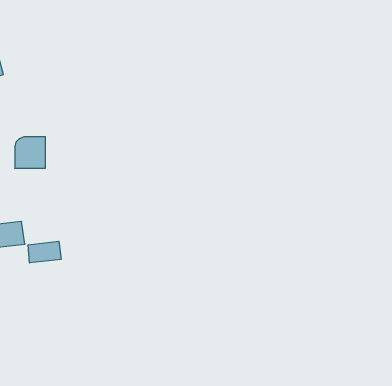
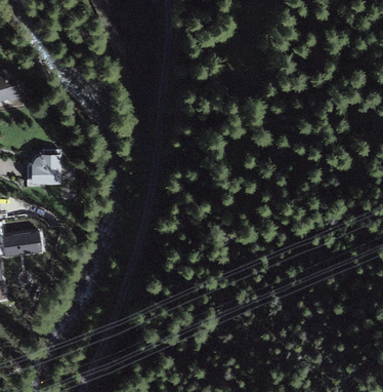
building: [28,241,61,263] -> none

